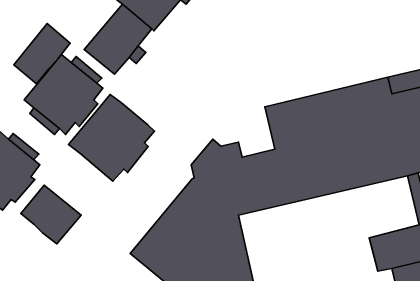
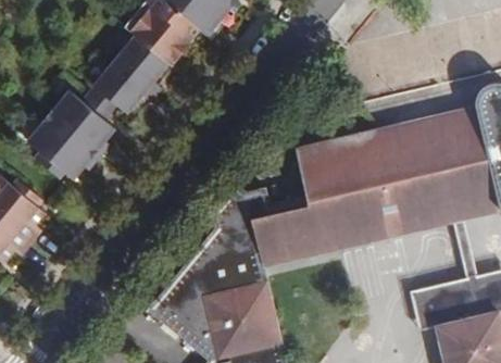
building: [14,23,70,84] -> none
building: [68,94,154,181] -> none
building: [21,185,81,244] -> none

